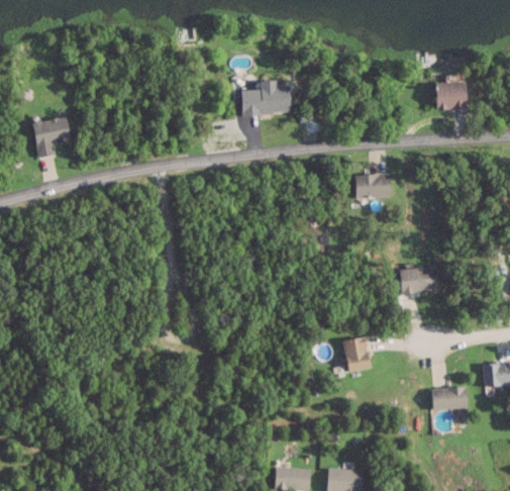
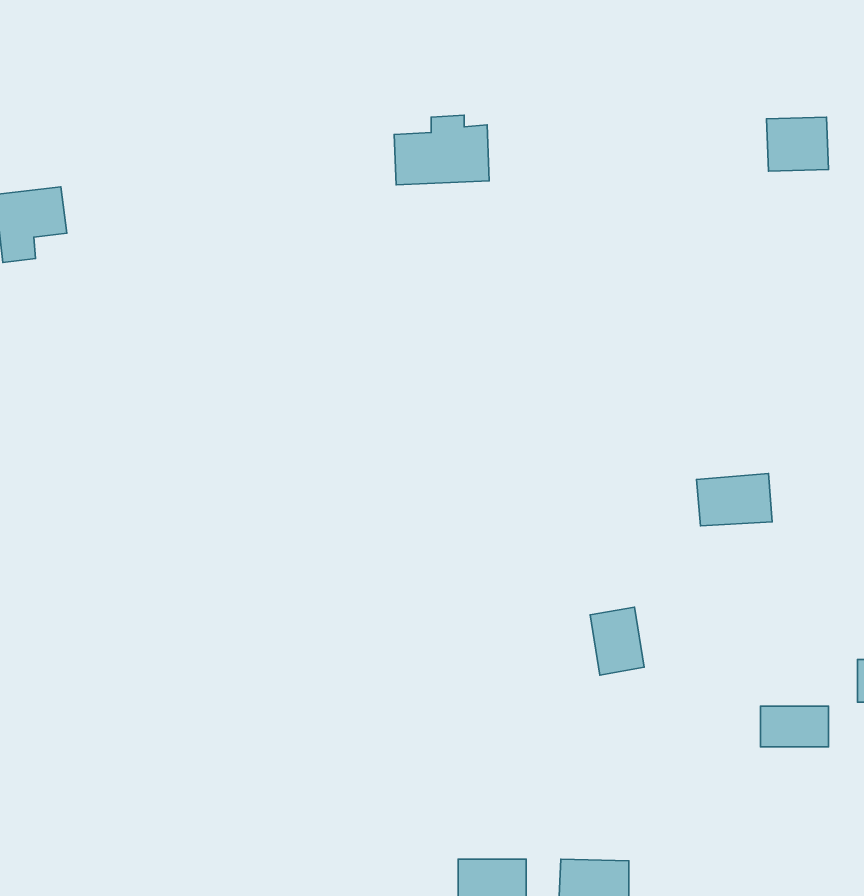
building: [354,174,391,198] -> none

